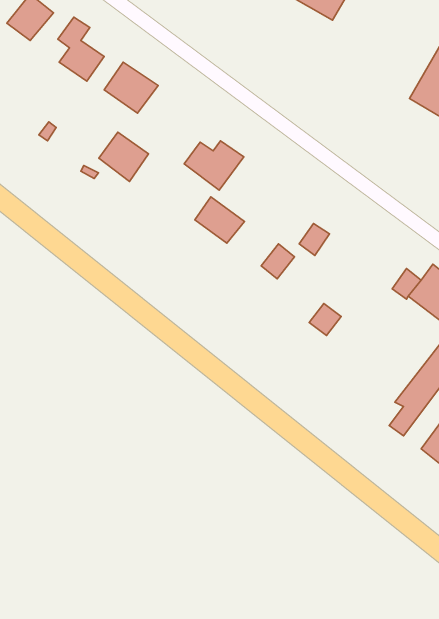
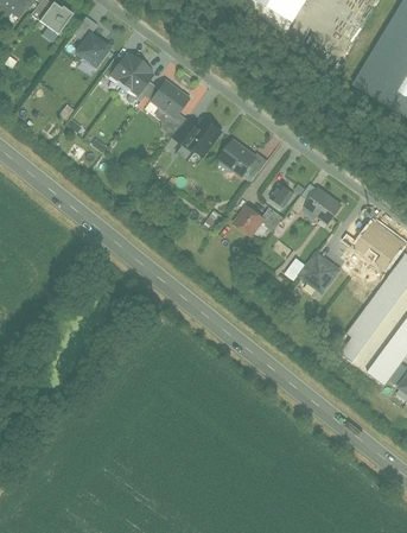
building: [99,132,148,181] -> [145,78,185,119]
building: [195,197,244,243] -> [212,137,253,175]
building: none -> [303,186,337,221]
building: none -> [299,253,339,293]

